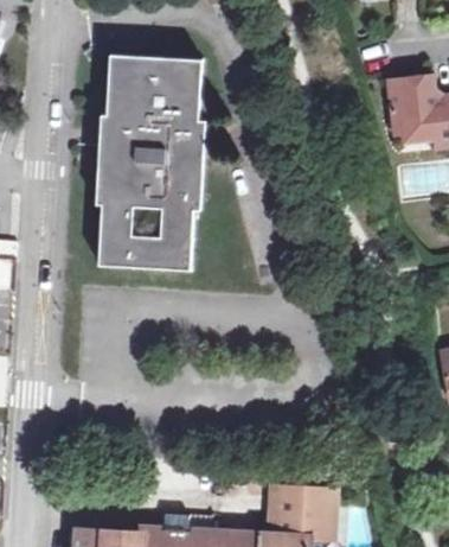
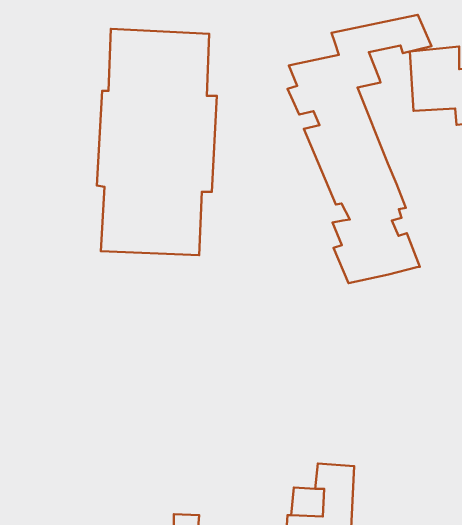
building: none -> [287,15,431,283]

